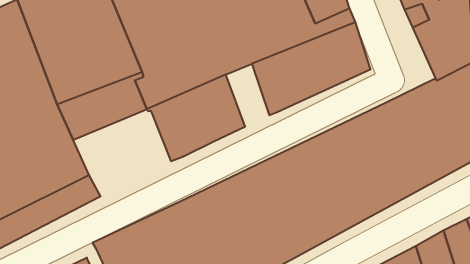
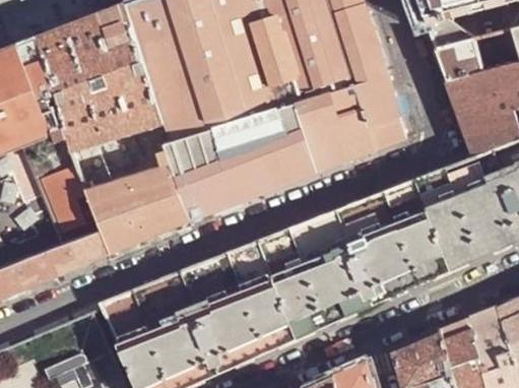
building: none -> [254,125,297,191]
building: none -> [87,165,189,253]

